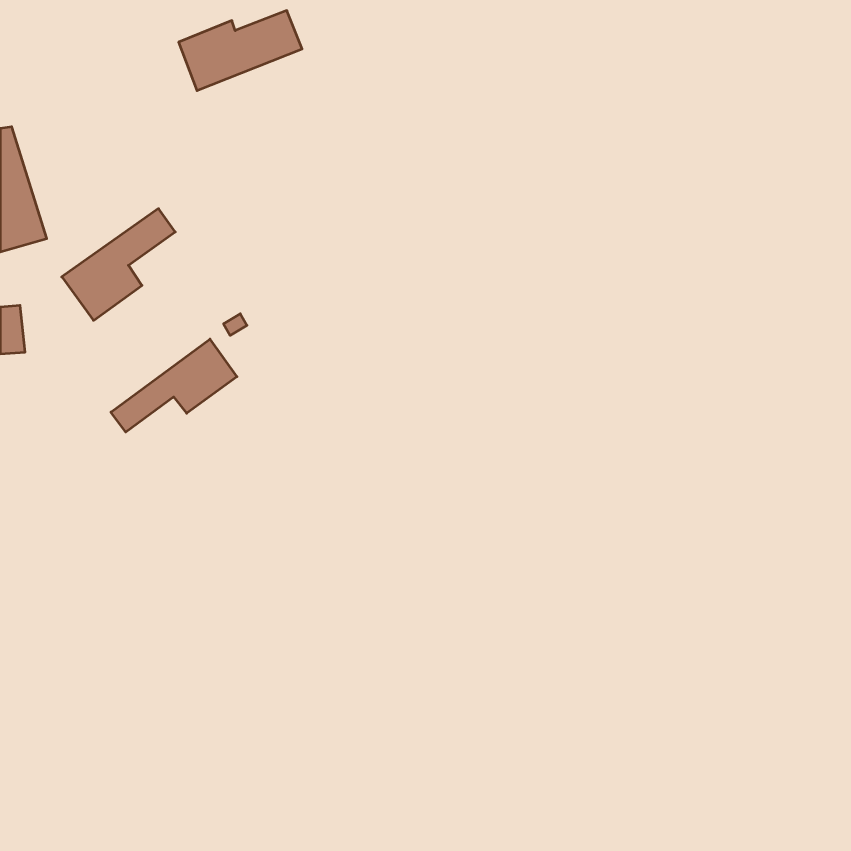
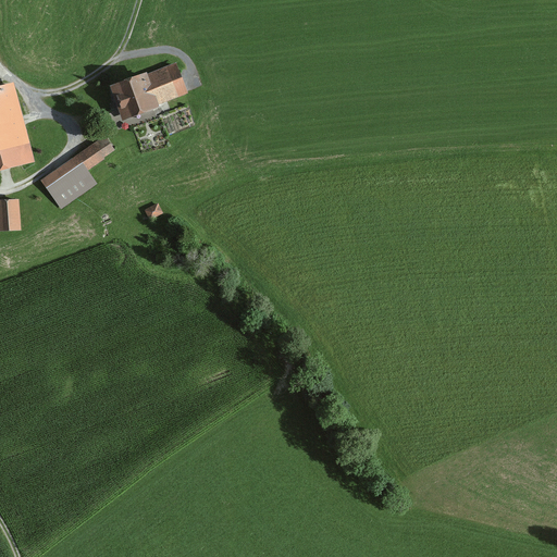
building: [179,11,302,91] -> [106,65,186,117]
building: [111,339,237,432] -> none

